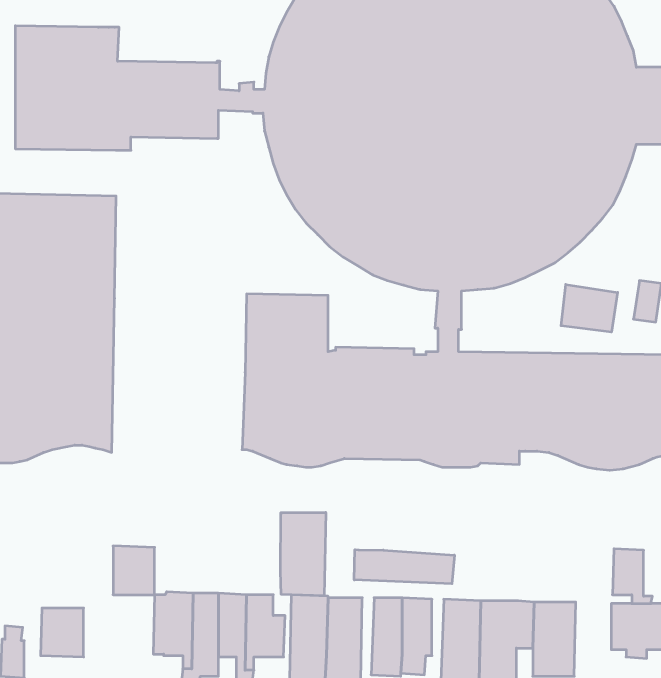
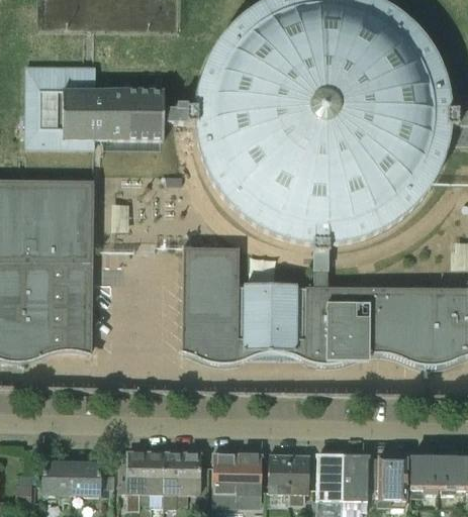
building: [561,284,618,332] -> none
building: [280,512,326,596] -> none
building: [113,546,155,595] -> [72,460,100,494]
building: [612,549,652,604] -> [410,456,438,494]
building: [354,550,454,584] -> none

